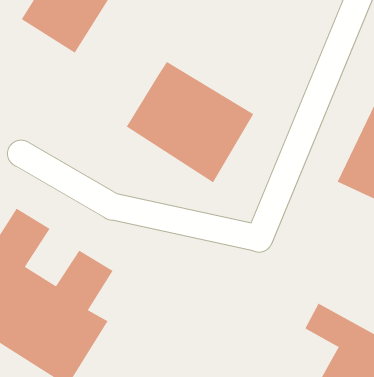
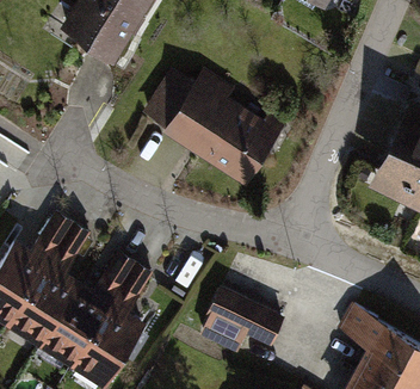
building: none -> [142,69,194,131]
building: none -> [199,288,285,356]

